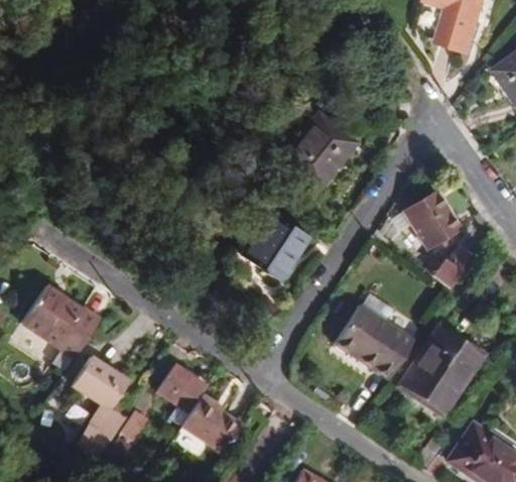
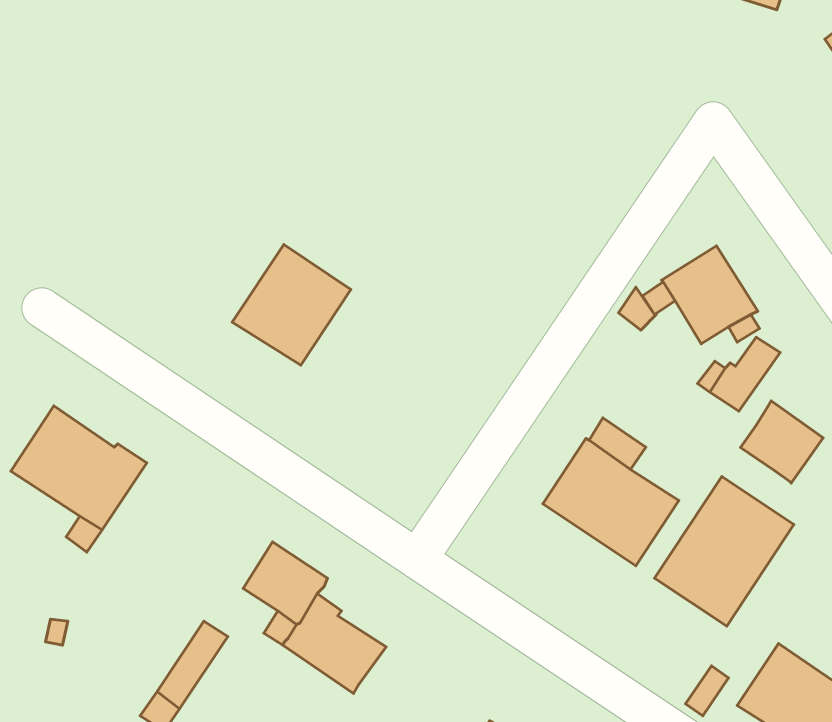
building: [281,110,357,187] -> none
building: [240,209,309,279] -> [232,245,351,365]
building: none -> [741,401,823,483]
building: [73,357,129,457] -> none

